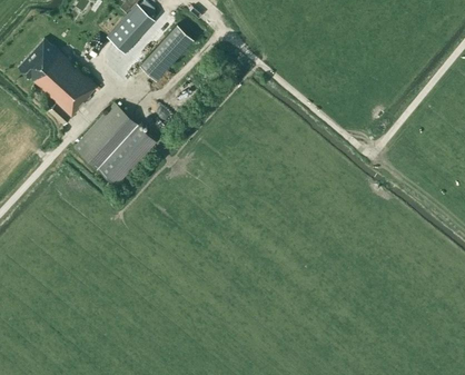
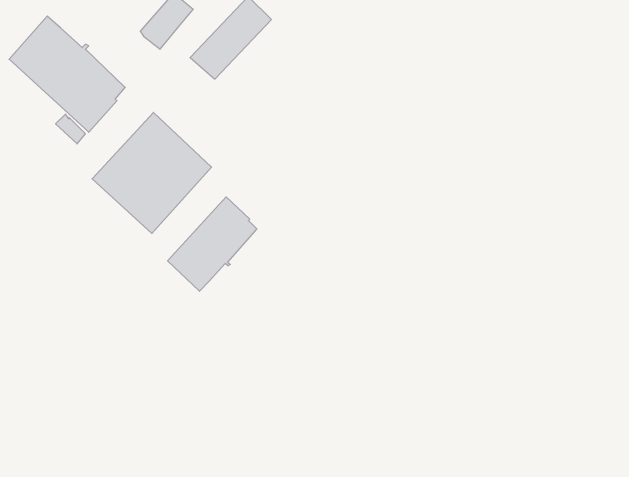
building: none -> [168,197,257,291]

